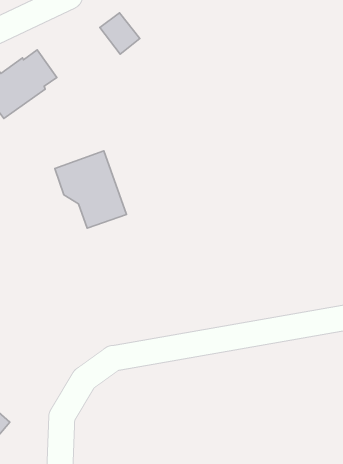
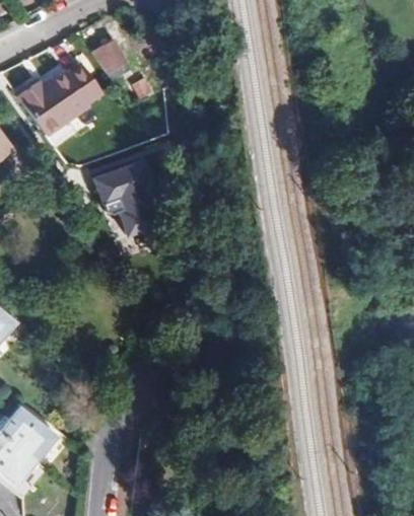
building: [100,13,140,54] -> [96,40,138,82]

